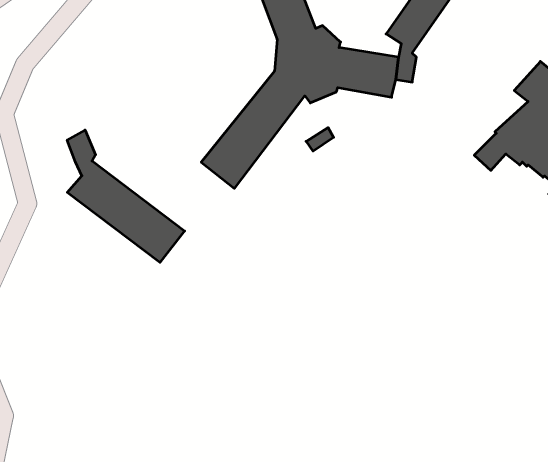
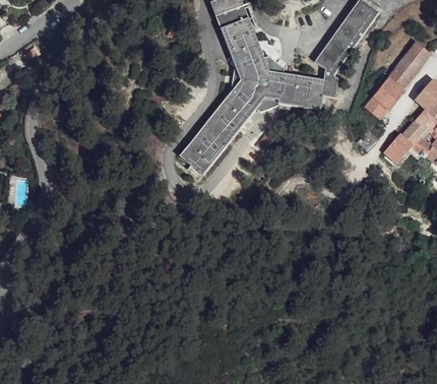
building: none -> [363,44,427,116]
building: [67,130,185,262] -> none

